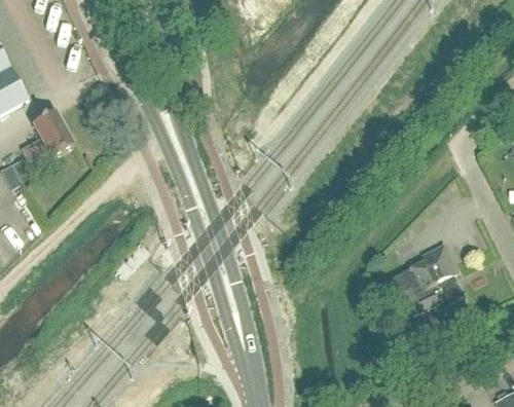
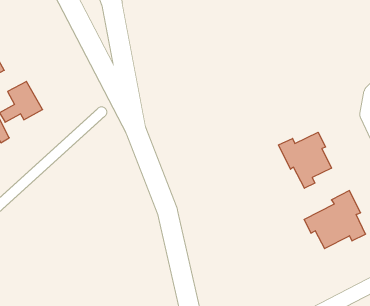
building: none -> [279,132,331,188]

